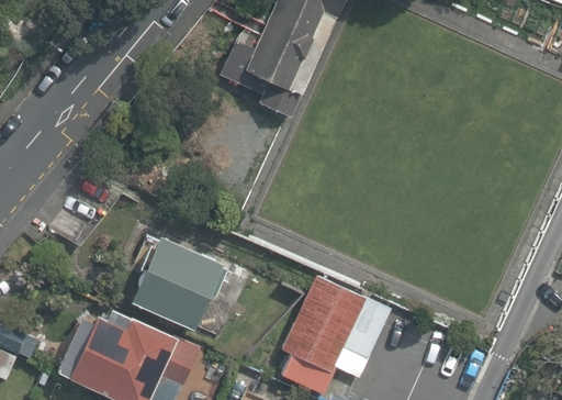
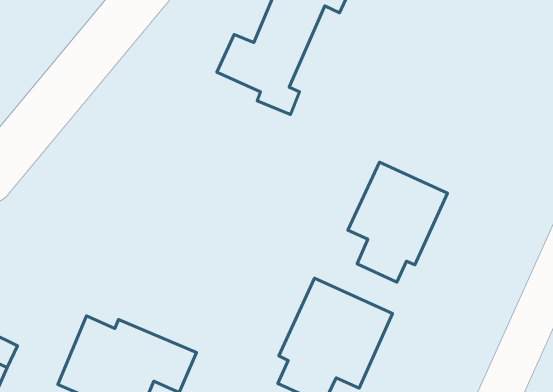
building: none -> [348,162,448,282]
building: [131,237,225,331] -> none

